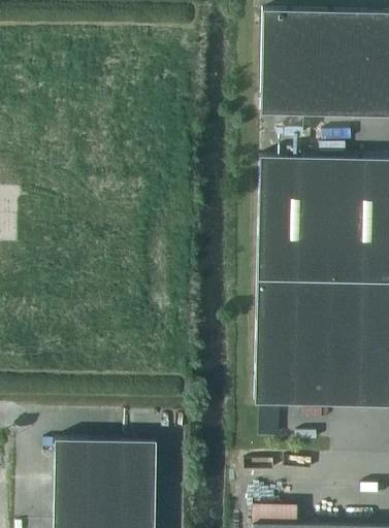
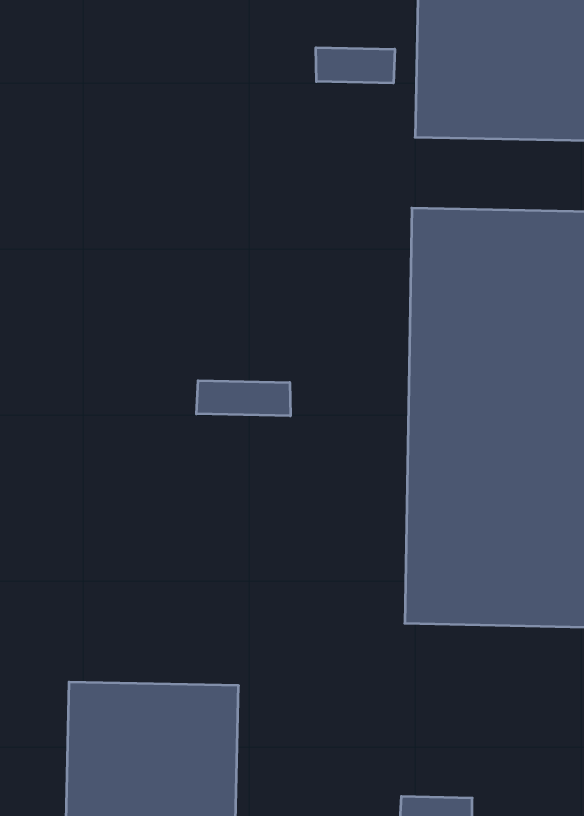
building: none -> [316,48,395,83]
building: none -> [196,381,290,416]

